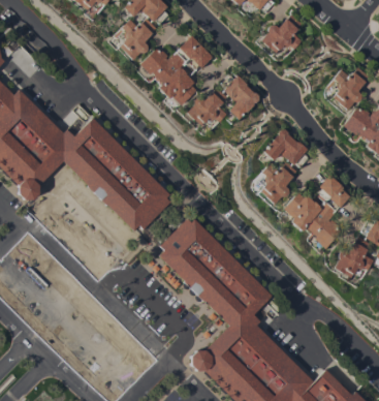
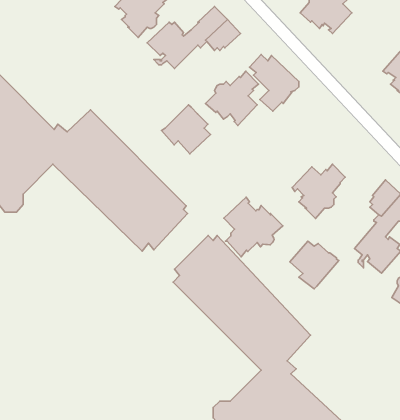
building: [158,66,197,105] -> [161,105,211,154]
building: [264,129,310,167] -> none
building: none -> [224,197,283,257]
building: [283,192,322,230] -> [290,241,339,289]

